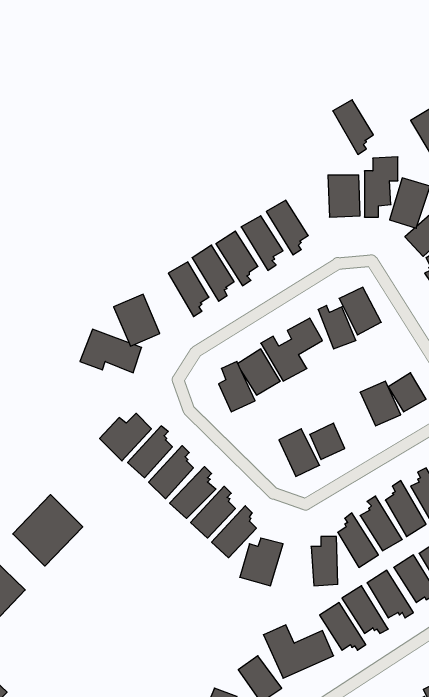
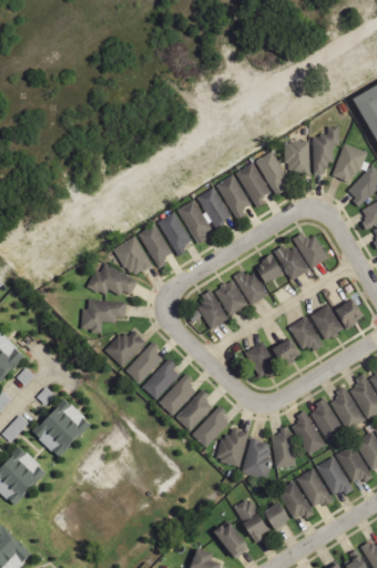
building: [333,100,373,154] -> [256,151,288,194]
building: none -> [137,223,171,266]
building: none -> [81,302,126,332]
building: none -> [288,316,320,354]
building: none -> [241,438,274,478]

